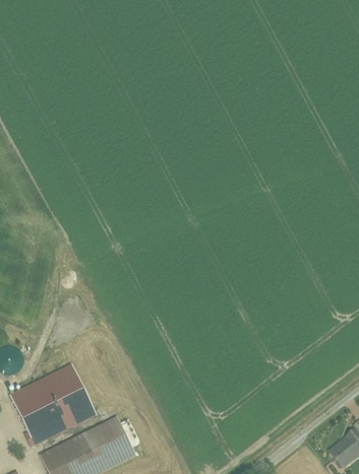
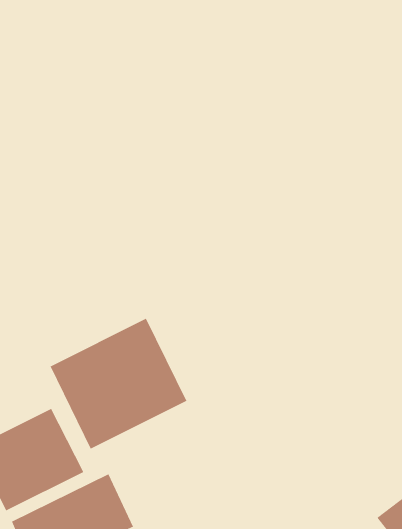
building: none -> [50,318,187,450]

